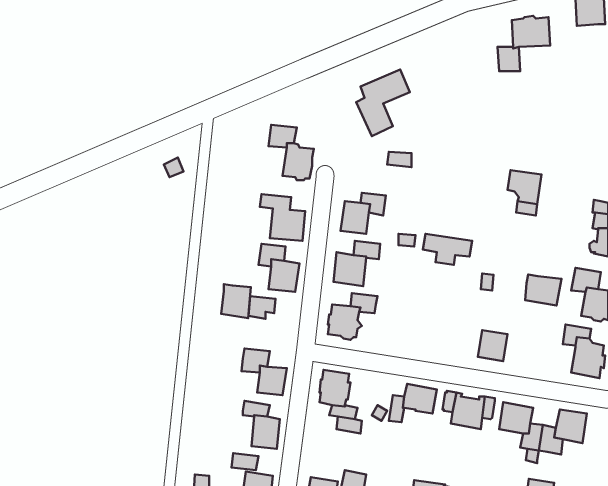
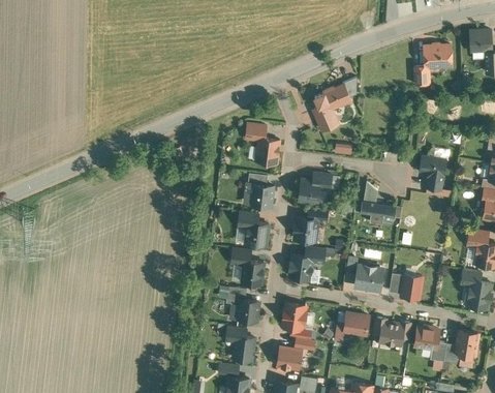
building: [525,274,561,305] -> none
building: [221,284,251,318] -> [242,260,264,284]
building: none -> [352,266,382,294]
building: none -> [277,346,302,368]

